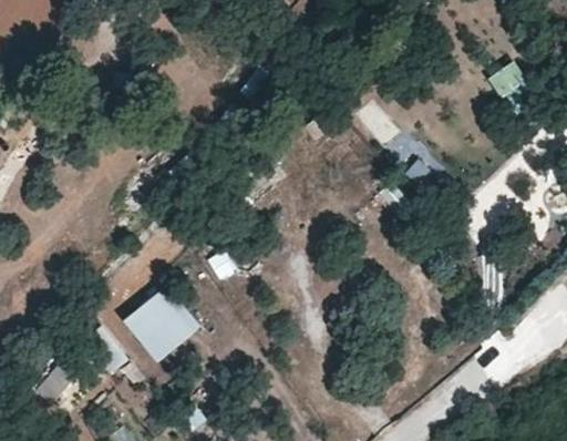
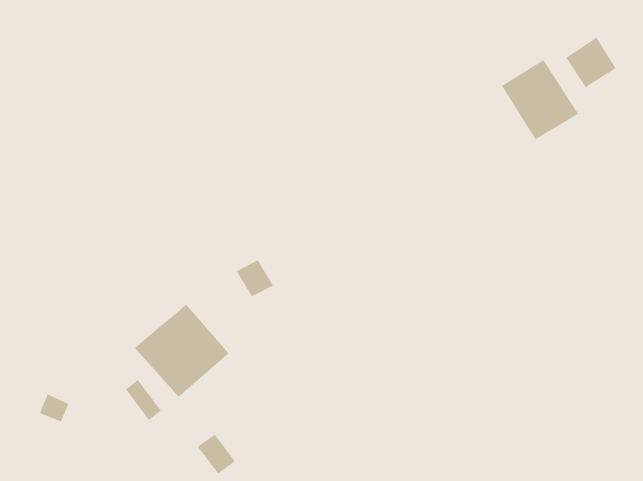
building: none -> [501,59,579,140]

